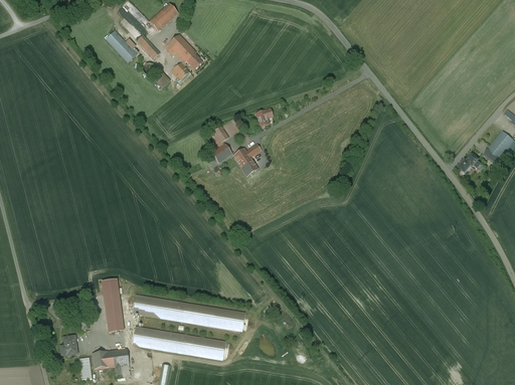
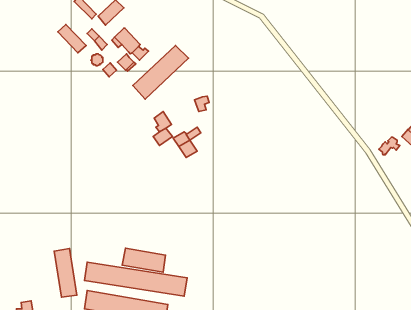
building: none -> [133,45,189,99]
building: none -> [122,248,166,272]

